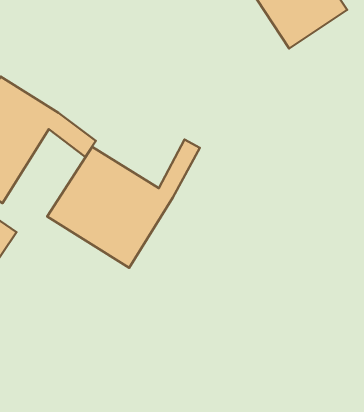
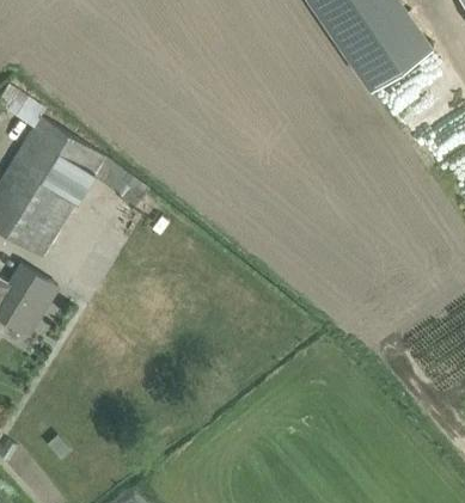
building: [47,139,200,268] -> none

